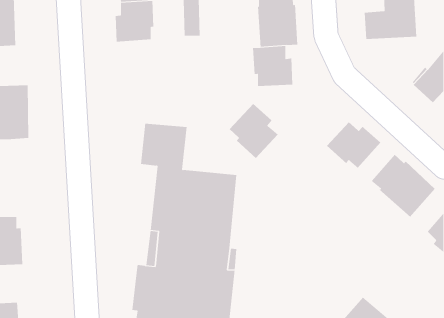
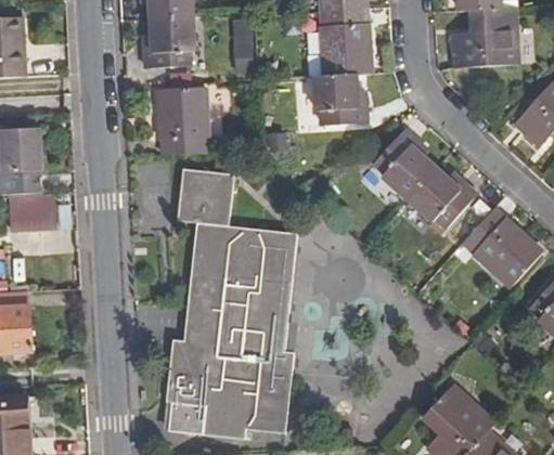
building: none -> [157,89,207,157]
building: [229,103,278,159] -> [373,130,435,199]
building: none -> [10,190,54,226]

